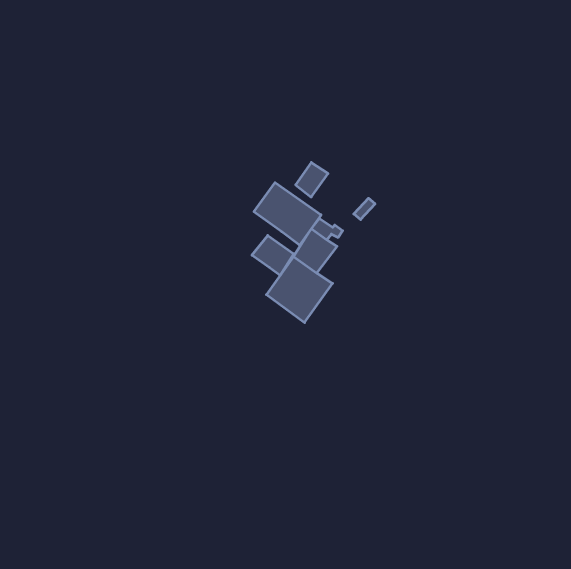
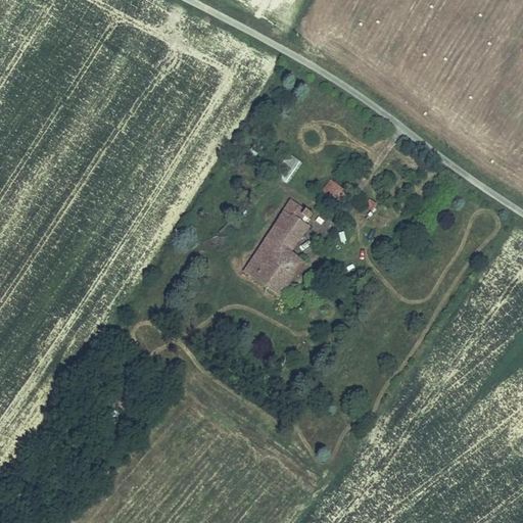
building: [254,183,321,245] -> none
building: [252,235,294,275] -> none

